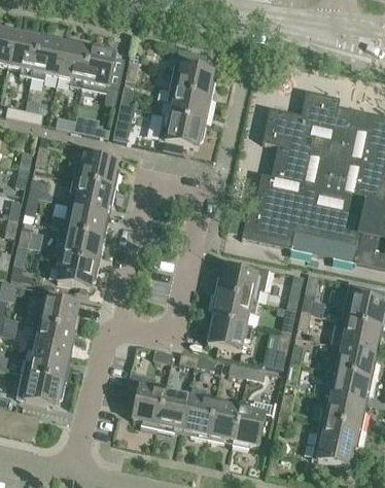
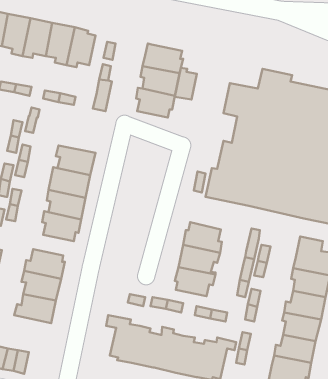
building: none -> [175,68,197,99]
building: [73,154,119,187] -> none
building: [21,373,65,407] -> none

